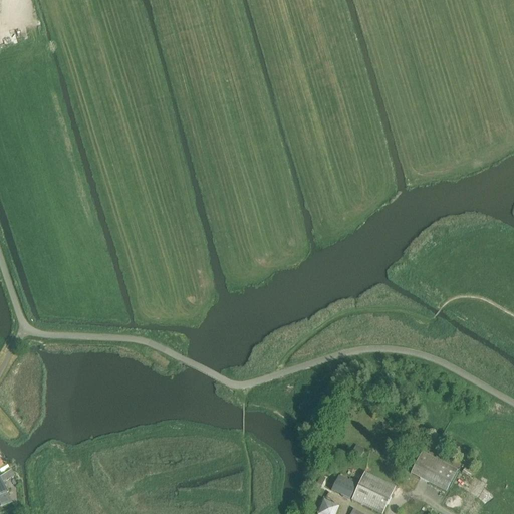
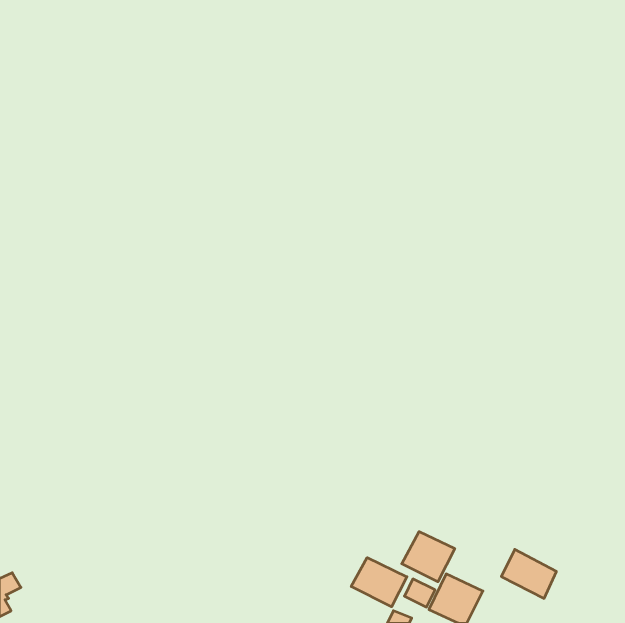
building: none -> [402,532,455,582]
building: none -> [351,558,407,607]

